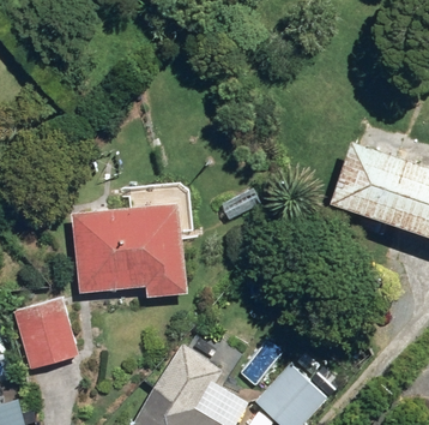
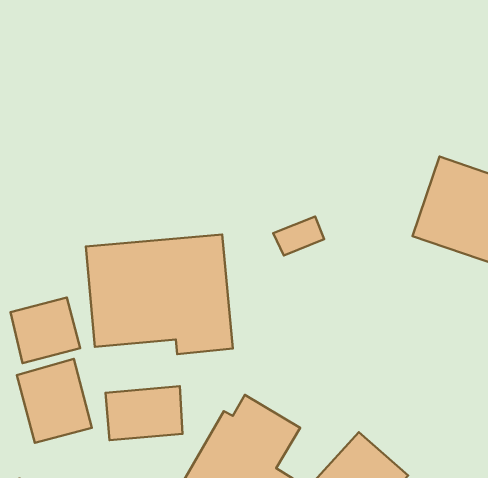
building: none -> [10,298,80,363]
building: none -> [105,386,183,440]

